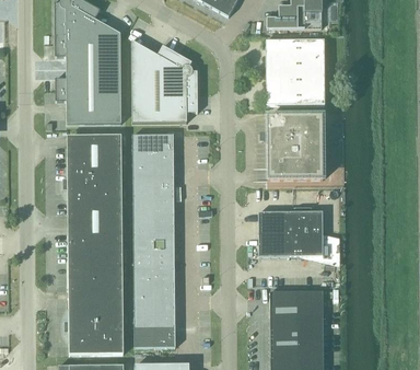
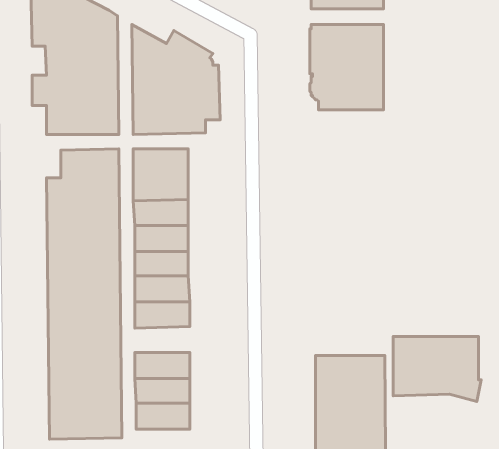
building: [267,115,323,180] -> none
building: [258,211,325,261] -> [393,336,481,401]
building: [133,268,175,288] -> none

